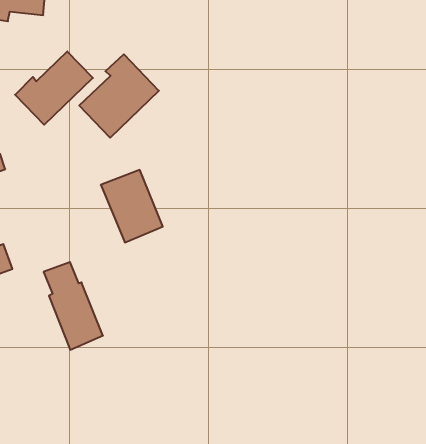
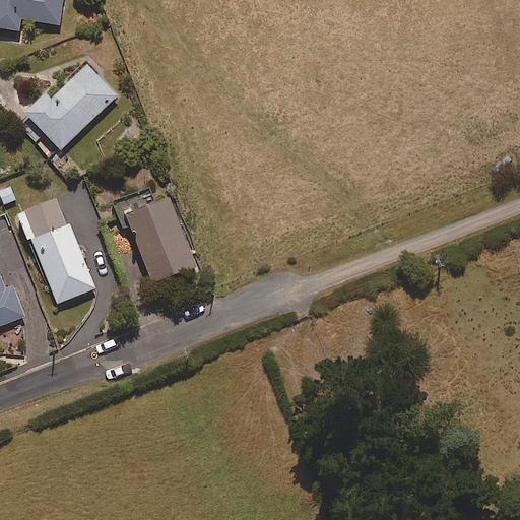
building: [79,54,159,138] -> none
building: [44,262,103,350] -> [25,201,93,302]

